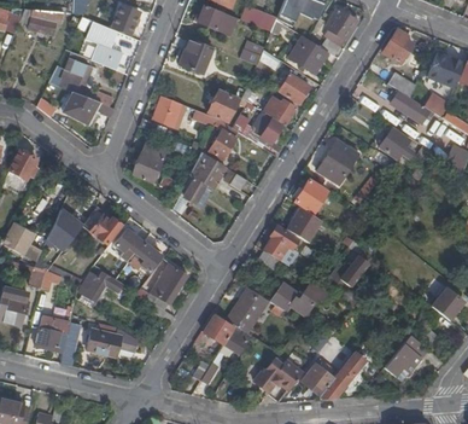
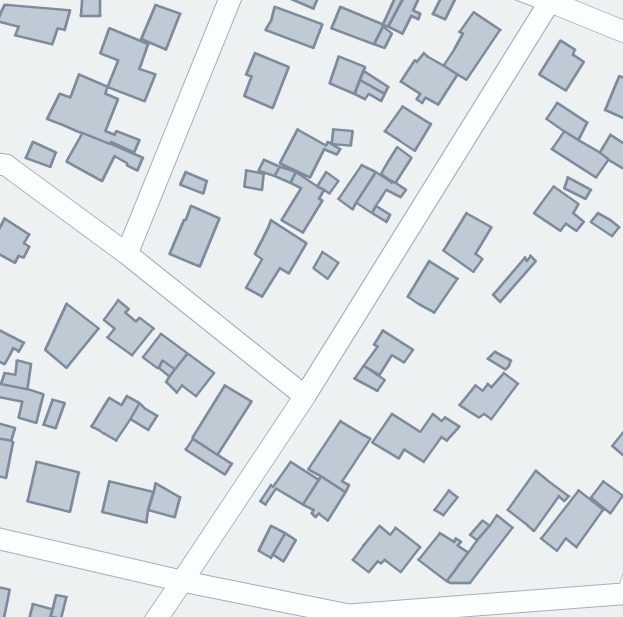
building: [153,97,183,127] -> none
building: [288,208,323,243] -> none
building: none -> [508,471,569,531]

